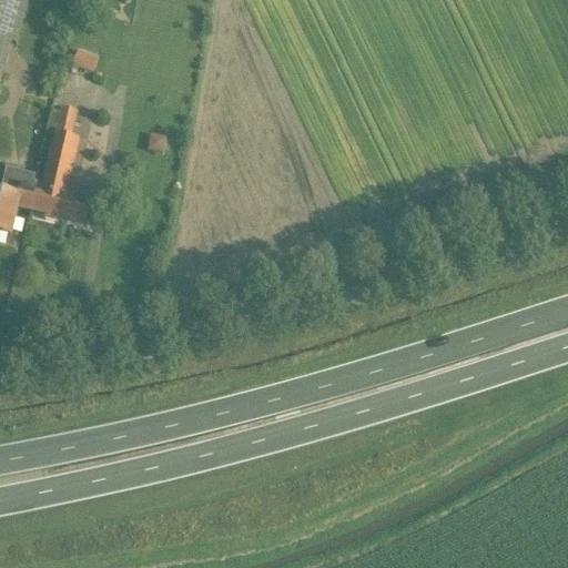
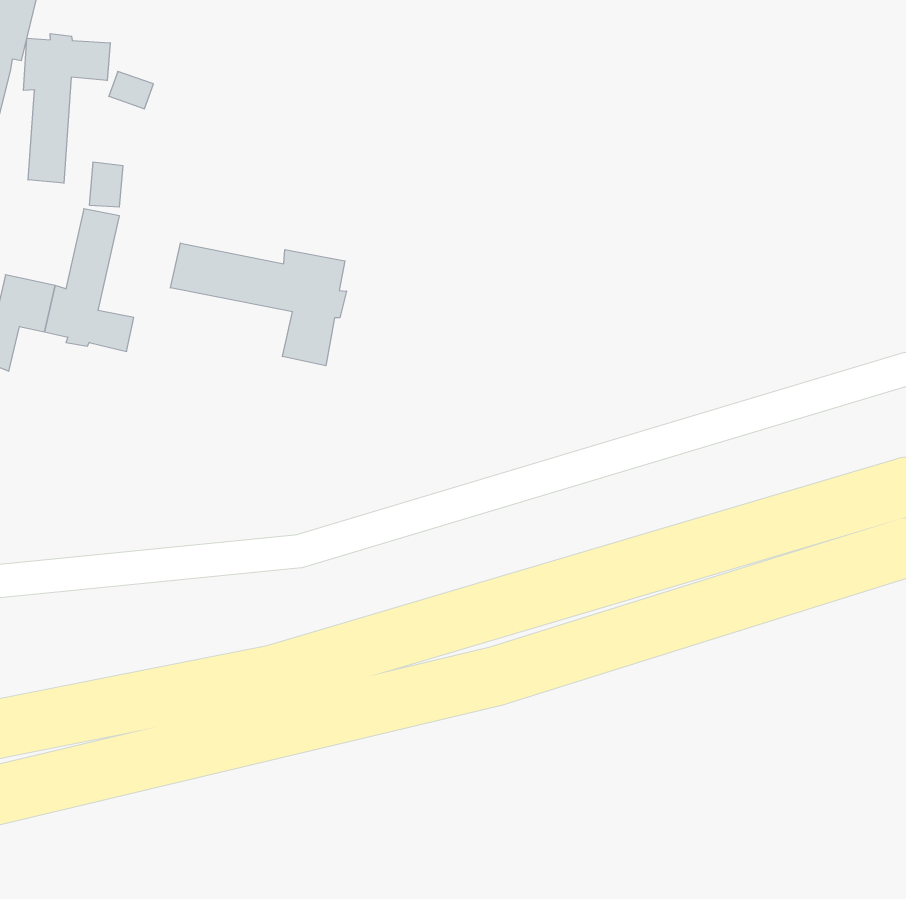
building: none -> [23,34,110,183]
building: none -> [170,243,346,366]

